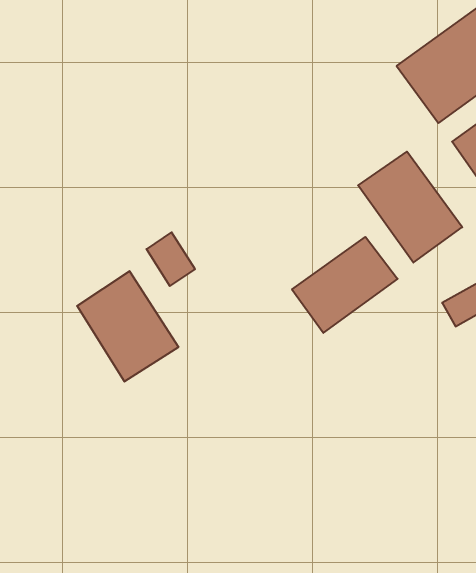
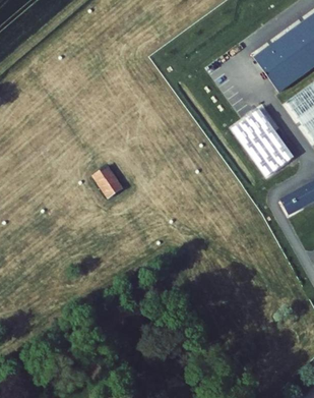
building: [292,237,398,333] -> none
building: [77,271,178,382] -> none

